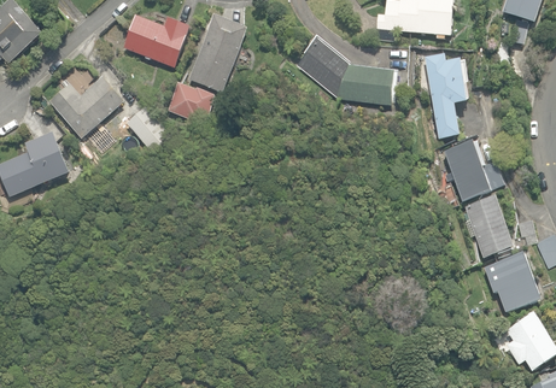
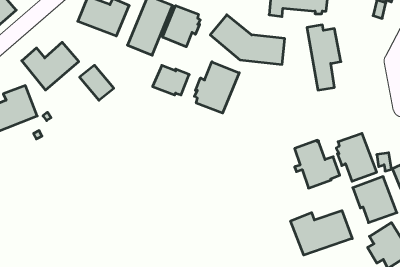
building: none -> [163,6,200,47]
building: [166,82,215,120] -> [153,65,189,95]
building: none -> [194,62,239,113]
building: [444,139,503,201] -> [295,140,340,188]
building: none -> [291,211,352,255]

